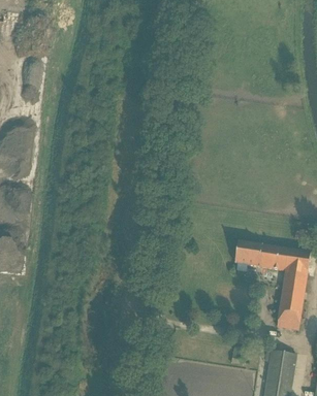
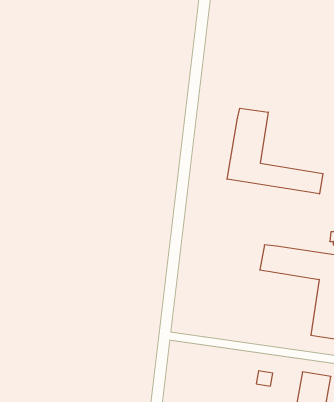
building: none -> [227,108,323,194]

